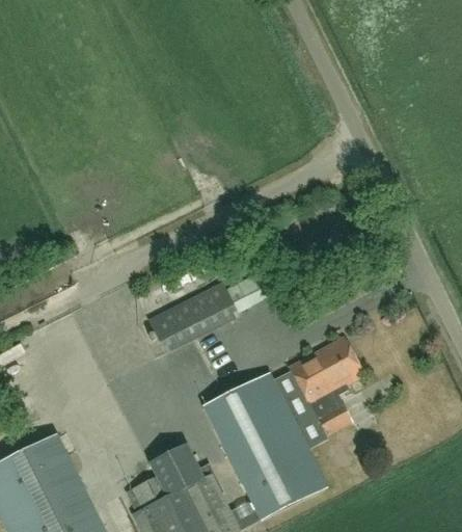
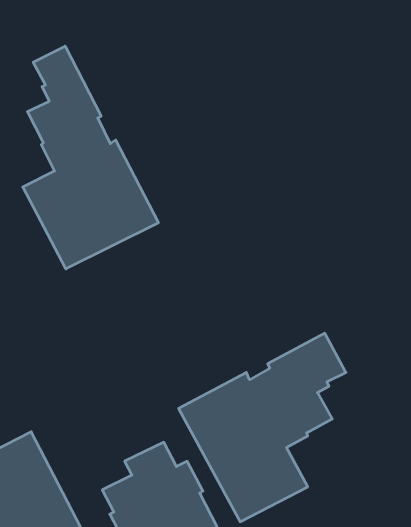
building: none -> [23,46,158,269]
building: [150,271,273,352] -> none

